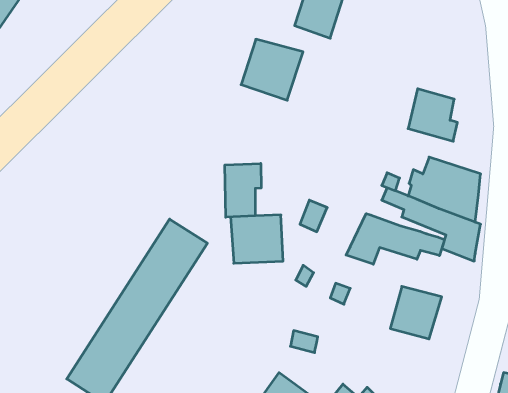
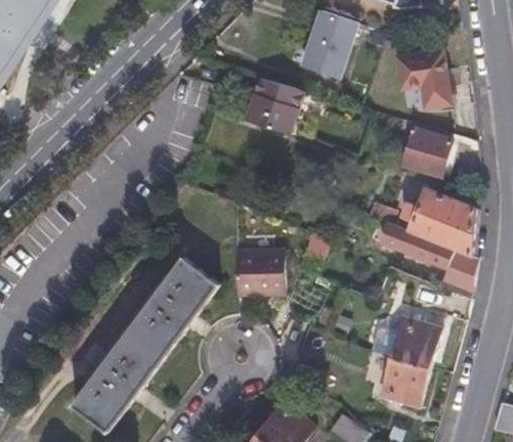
building: none -> [400,50,454,105]
building: [225,163,261,217] -> none
building: [346,214,444,264] -> none
building: none -> [379,359,427,406]

